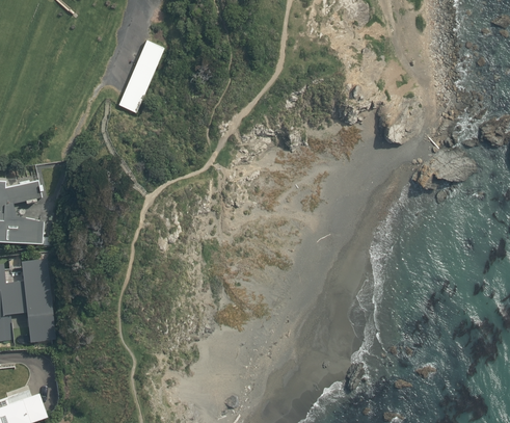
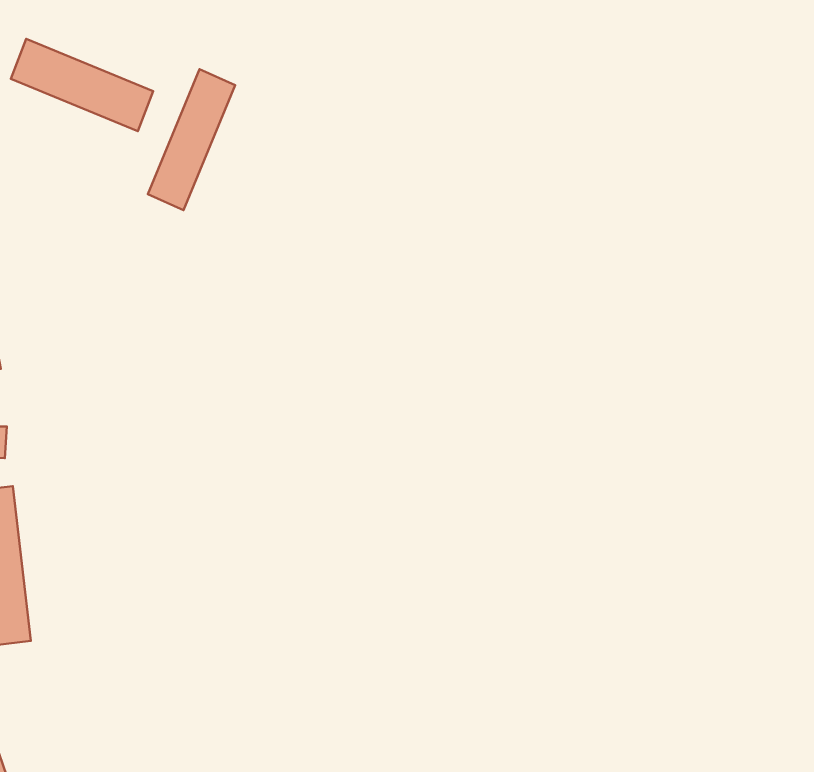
building: none -> [11,39,153,131]

